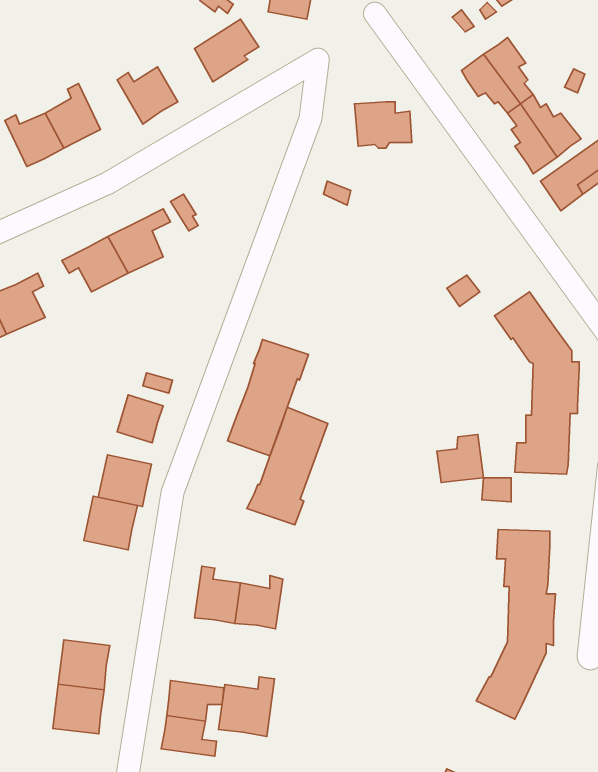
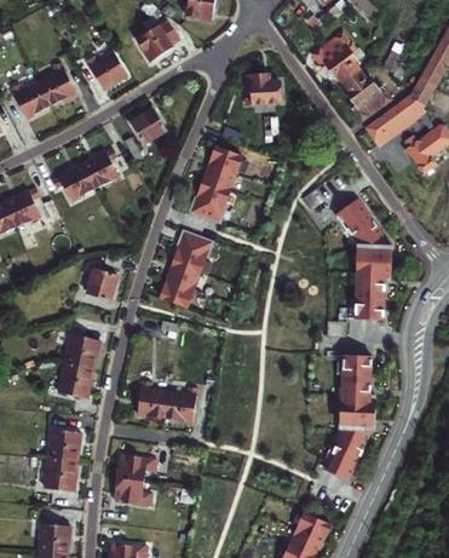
building: none -> [132,109,166,143]
building: [247,407,328,525] -> [189,146,242,224]
building: [437,435,484,482] -> none
building: [98,455,152,506] -> [59,363,94,397]
building: [218,677,275,736] -> none

